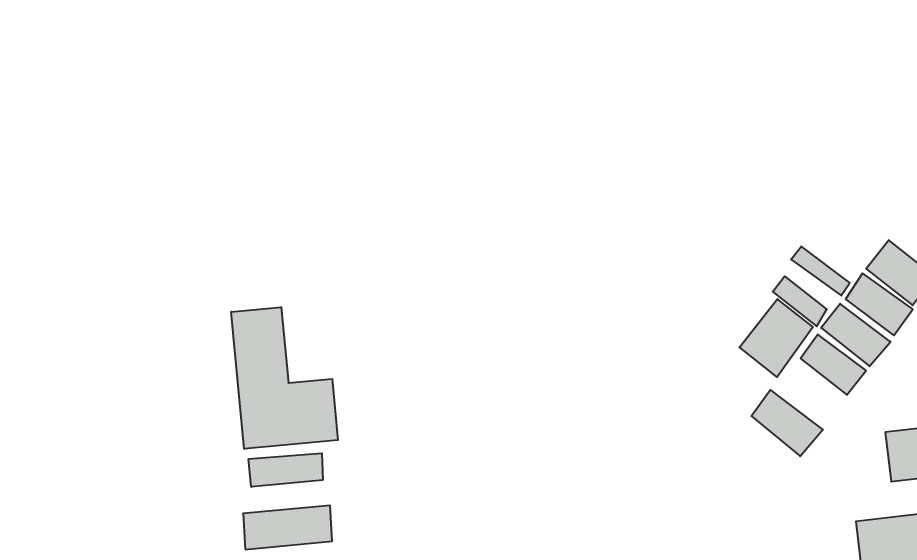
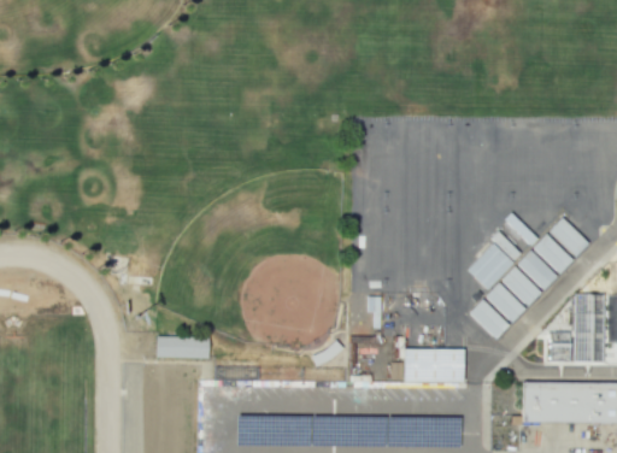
building: [231,307,338,449] -> none
building: none -> [486,282,528,322]
building: [249,453,323,487] -> none
building: none -> [405,348,468,382]

